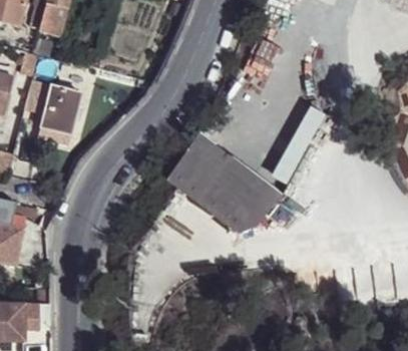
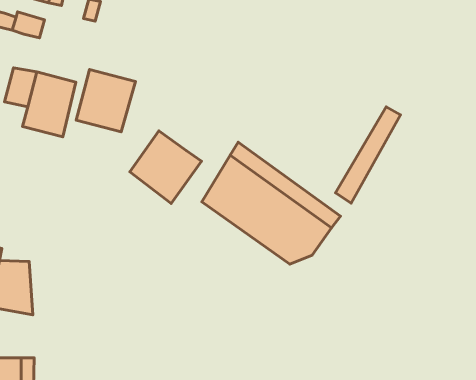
building: none -> [76,69,136,132]
building: none -> [130,131,202,204]

